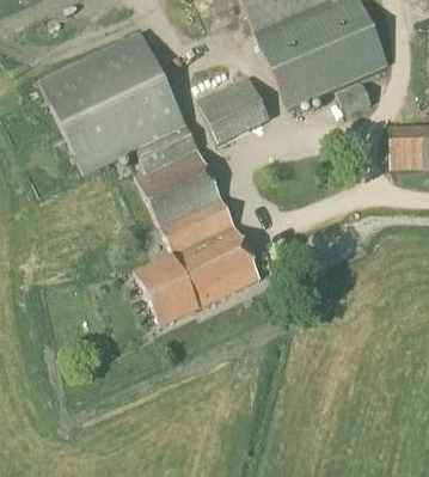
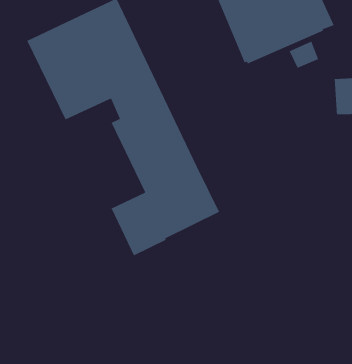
building: [197,73,271,143] -> none

